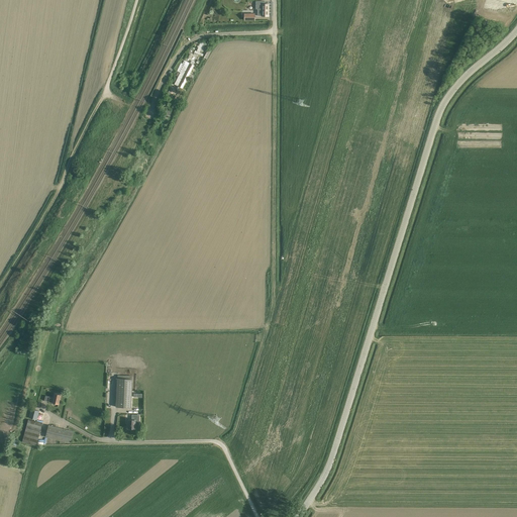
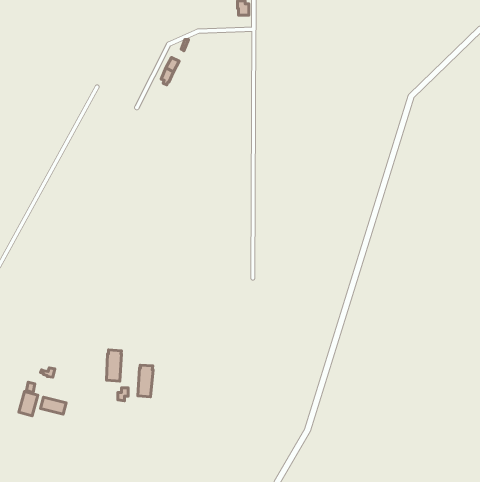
building: none -> [138,365,153,397]

